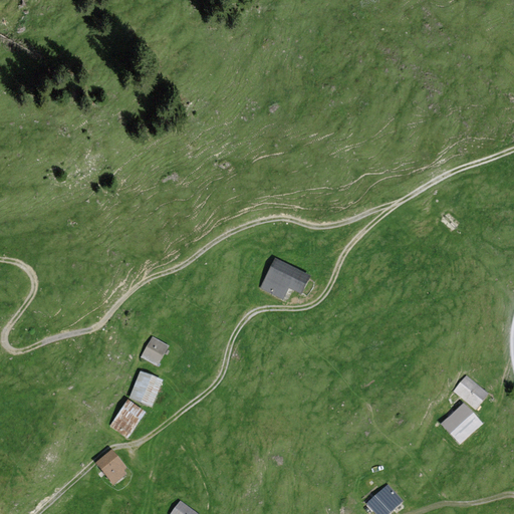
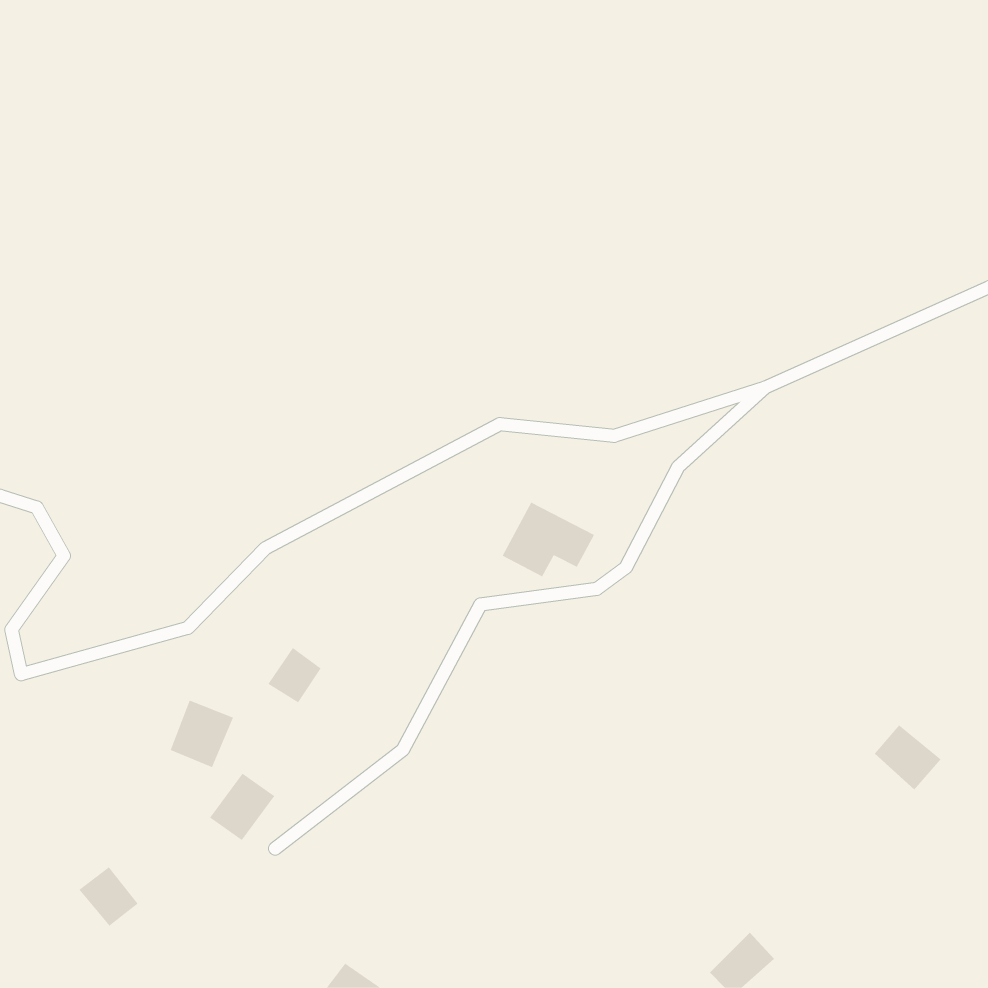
building: [130,370,163,406] -> [170,700,234,768]
building: [440,405,480,445] -> none
building: [95,452,126,483] -> [78,867,138,927]

